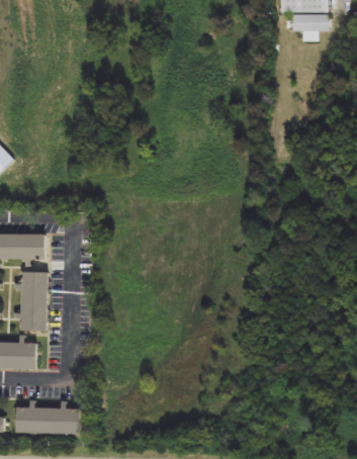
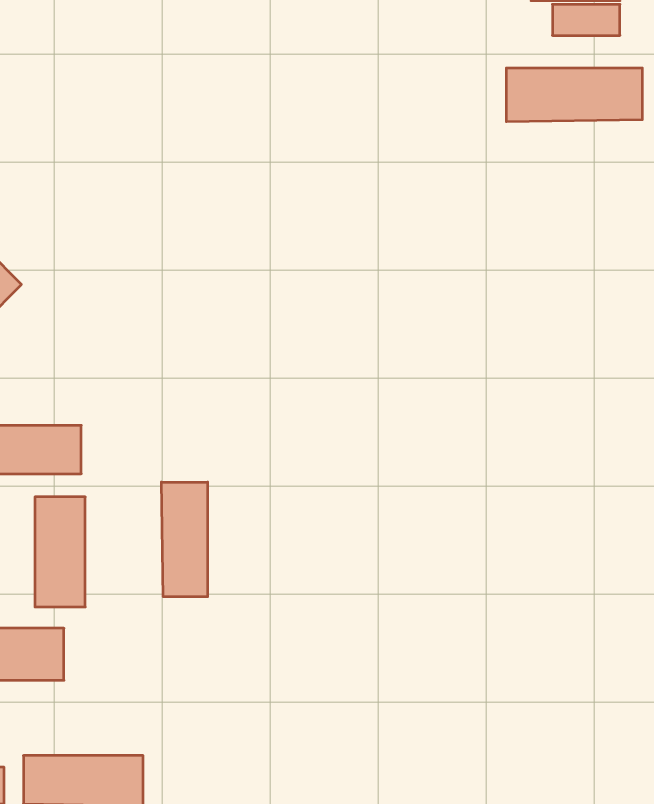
building: none -> [506,68,642,122]
building: none -> [161,482,208,597]

